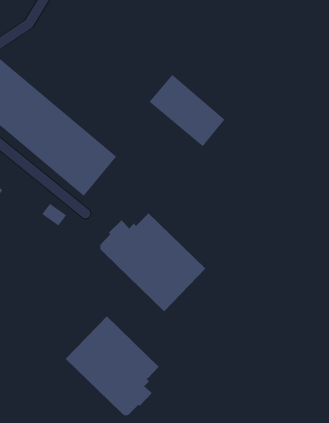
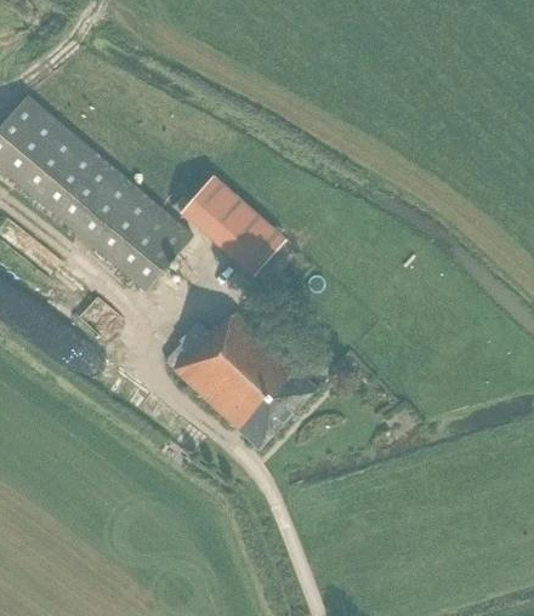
building: [149,74,225,147] -> [178,176,285,278]
building: [65,316,160,416] -> none

